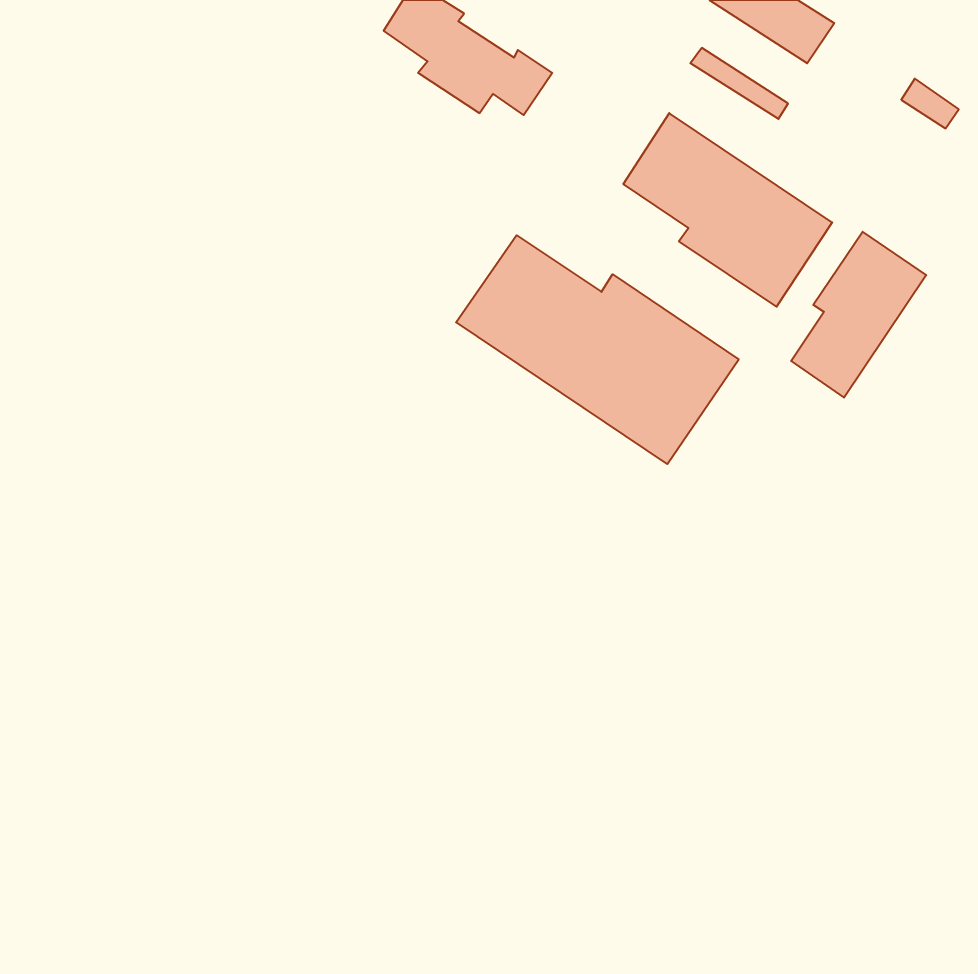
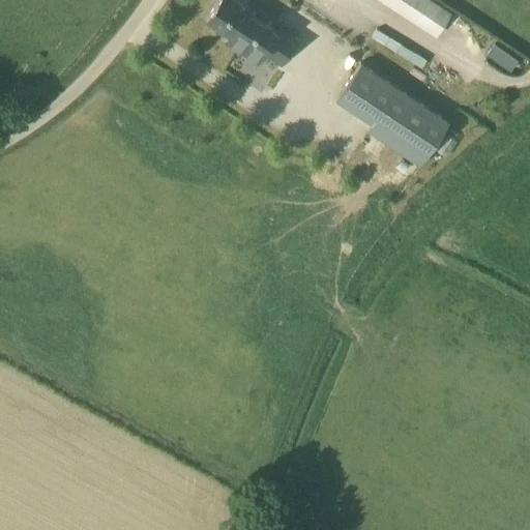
building: [791,232,926,398] -> none
building: [456,235,739,464] -> none

